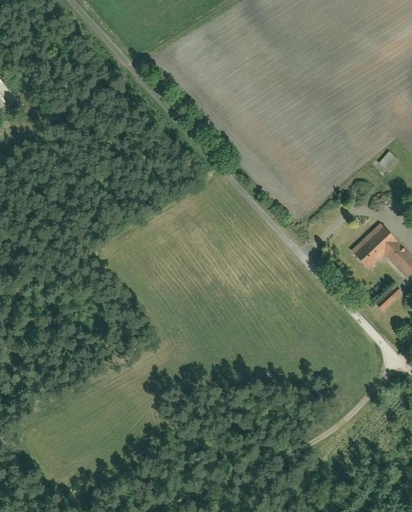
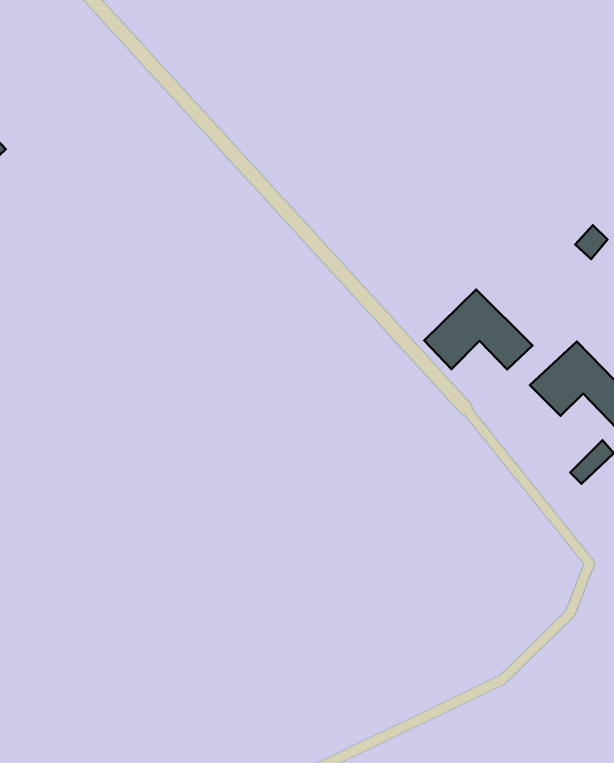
building: none -> [424,290,533,370]

